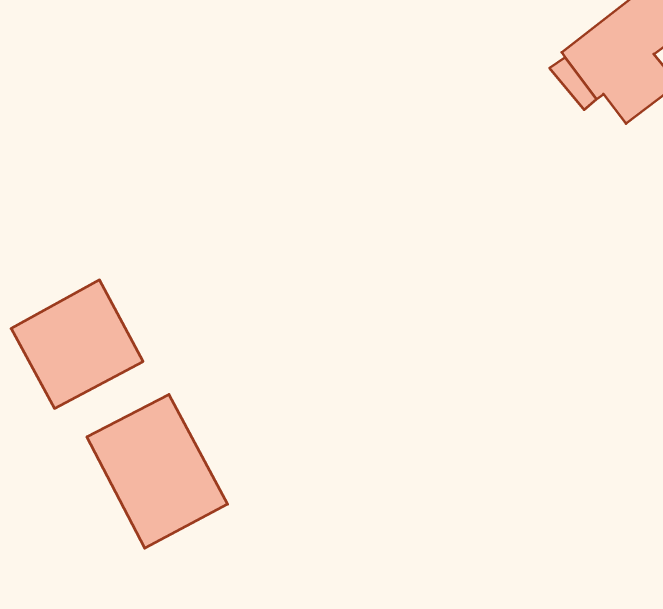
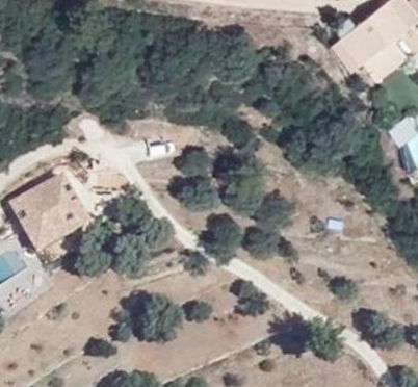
building: [87,394,228,548] -> none

